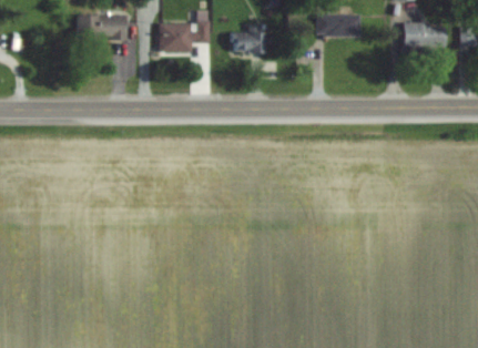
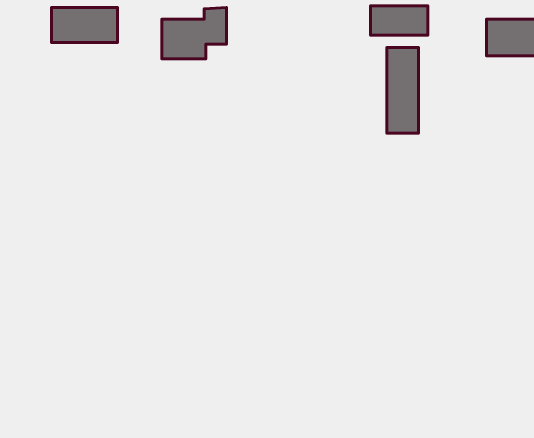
building: [233,31,264,51] -> none
building: none -> [387,47,418,133]

